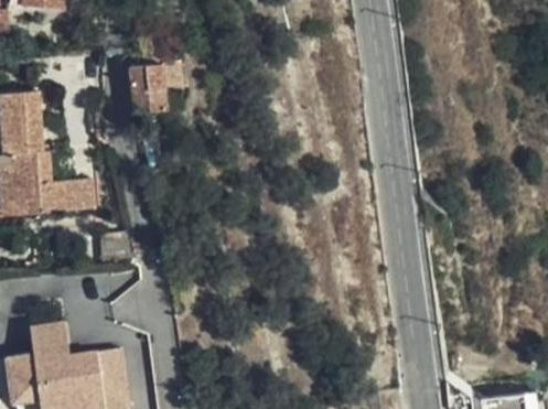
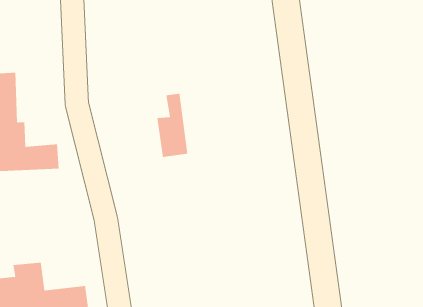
building: [131,35,170,114] -> [157,93,188,158]

